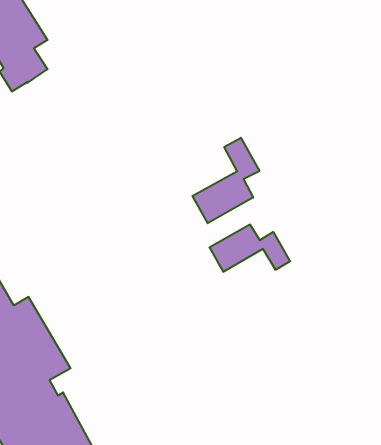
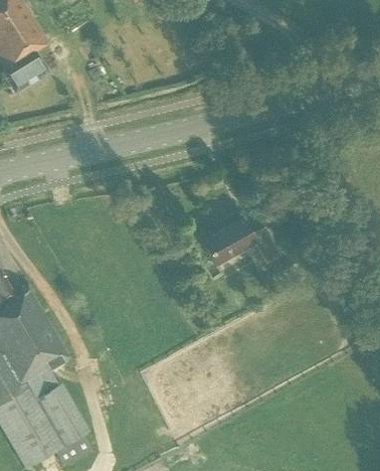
building: [192,138,259,223] -> none

